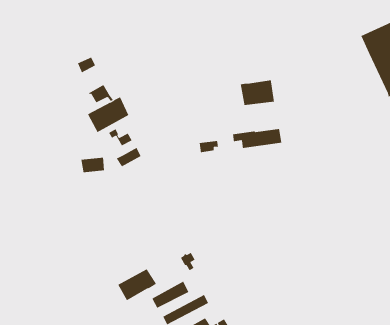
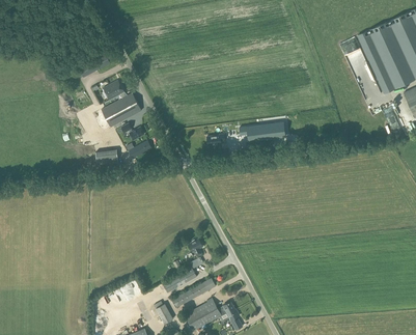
building: [240,79,274,106] -> none
building: [117,269,157,301] -> none

